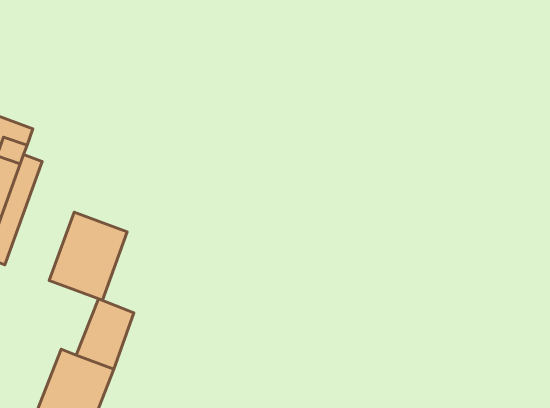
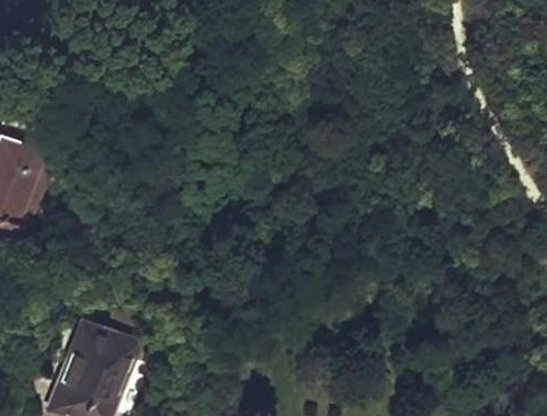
building: [49,212,127,300] -> none

